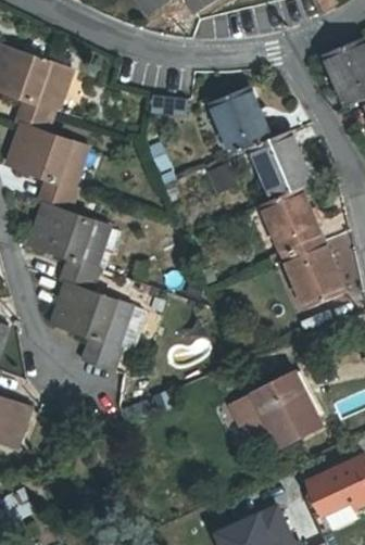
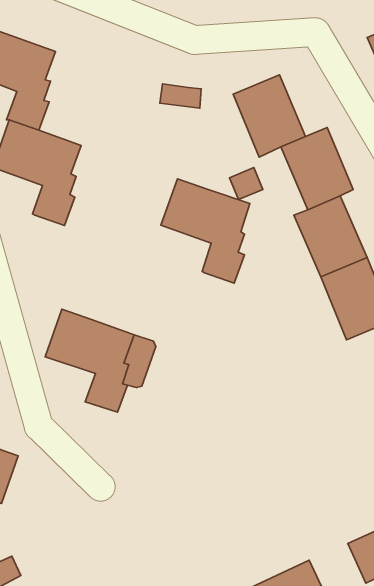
building: [28,204,103,292] -> [161,179,250,283]
building: [229,373,319,448] -> none

